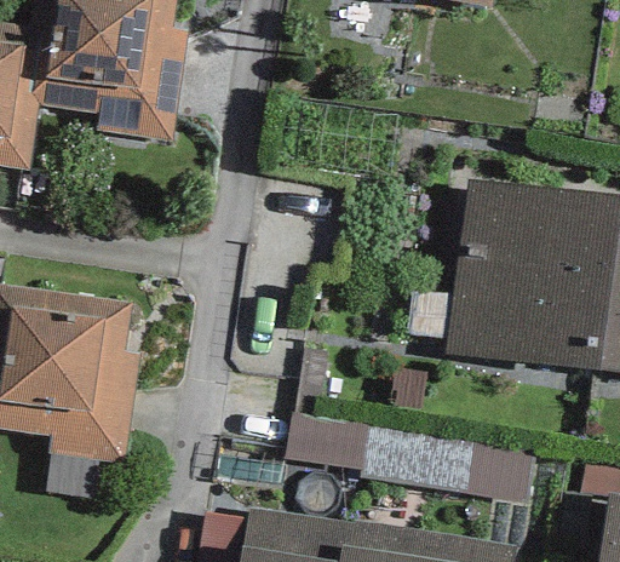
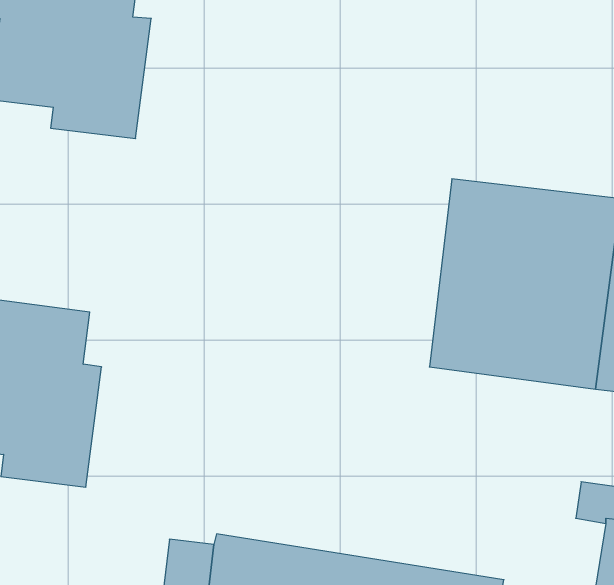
building: [283,413,534,504] -> none

